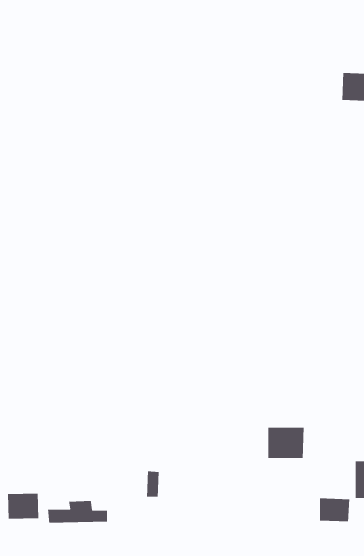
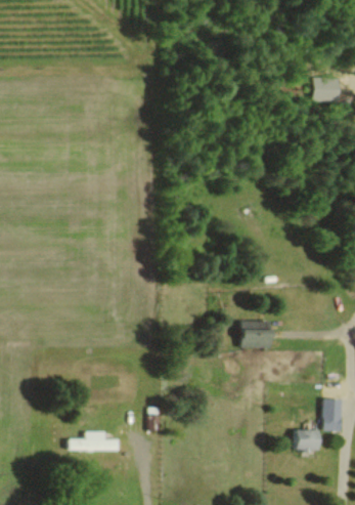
building: [268,427,305,459] -> [239,321,270,347]
building: [7,493,39,520] -> none

